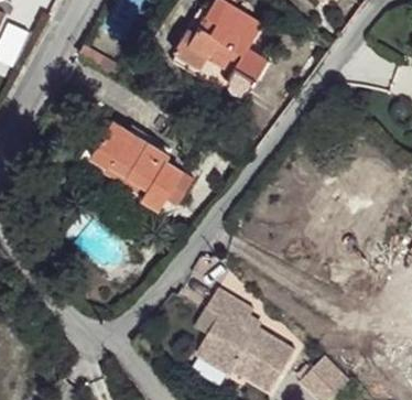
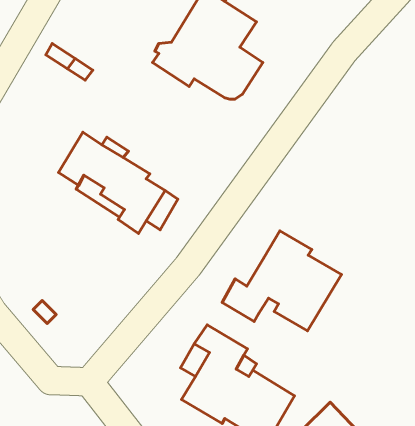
building: none -> [222,231,342,331]

